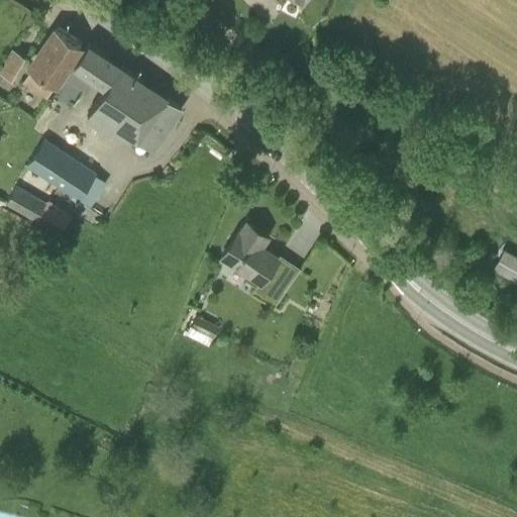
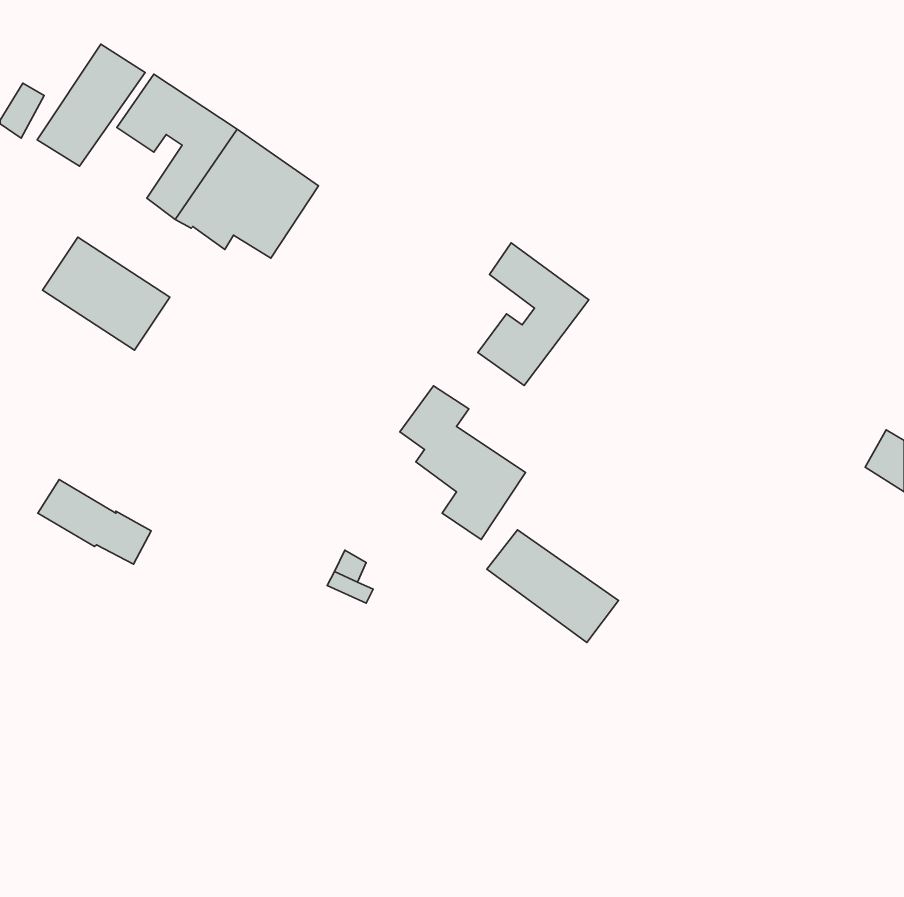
building: none -> [478,243,589,385]
building: [5,187,70,235] -> [38,479,151,564]
building: none -> [487,530,618,642]

